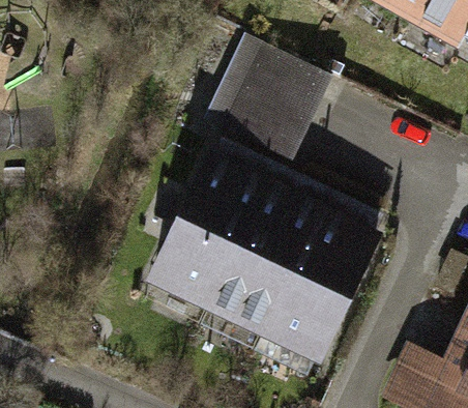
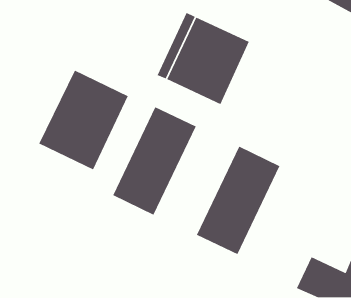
building: none -> [38,70,129,170]
building: [210,186,319,326] -> none

